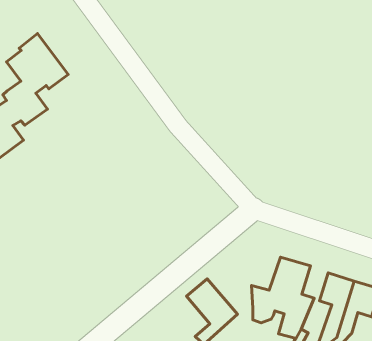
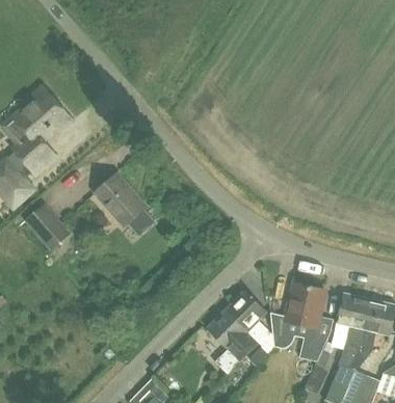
building: none -> [95,172,146,225]
building: none -> [24,203,71,250]
building: none -> [226,291,273,354]

